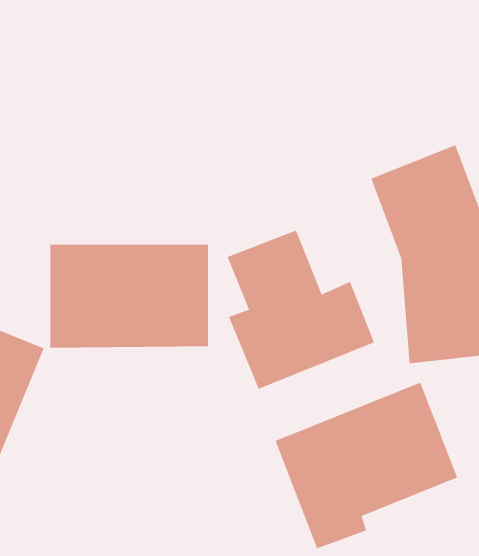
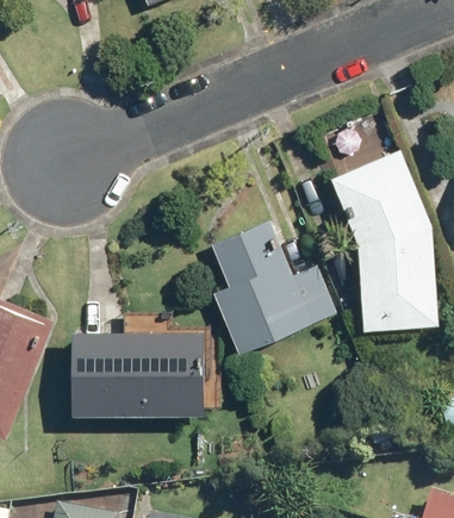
building: [50,244,209,348] -> [73,327,206,414]
building: [275,382,458,549] -> none

